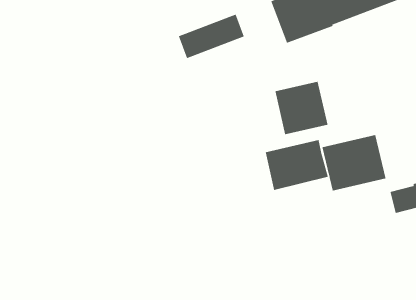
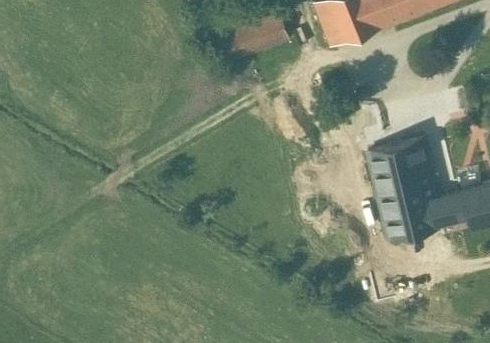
building: [274,81,329,135] -> none
building: [265,139,329,191] -> [378,186,444,239]

